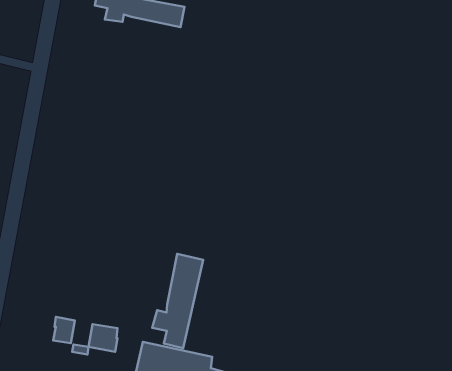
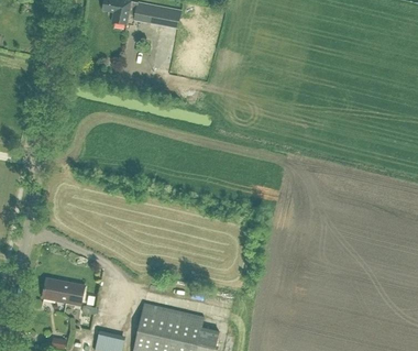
building: [152,254,203,348] -> none
building: [89,324,118,352] -> [42,277,67,301]

